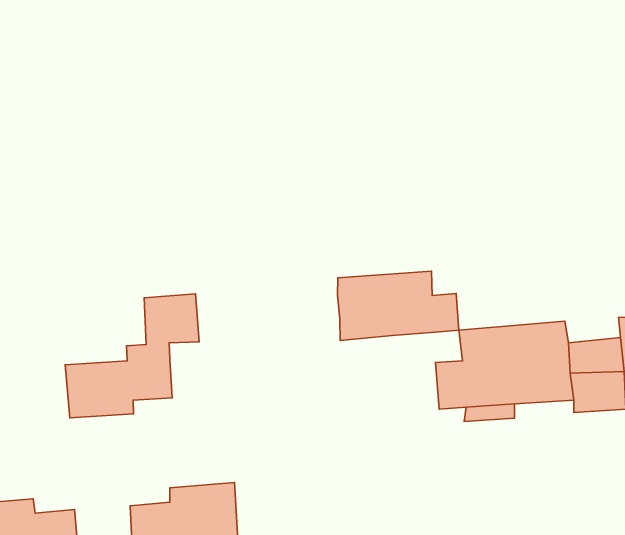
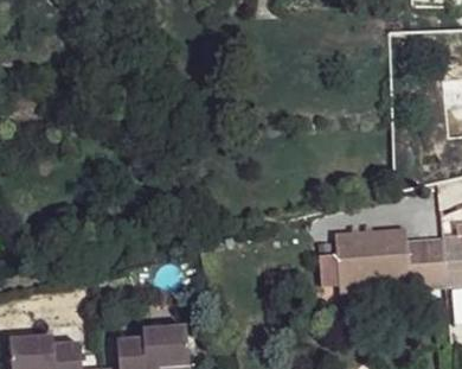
building: [337,271,459,340] -> none
building: [65,294,199,418] -> none

